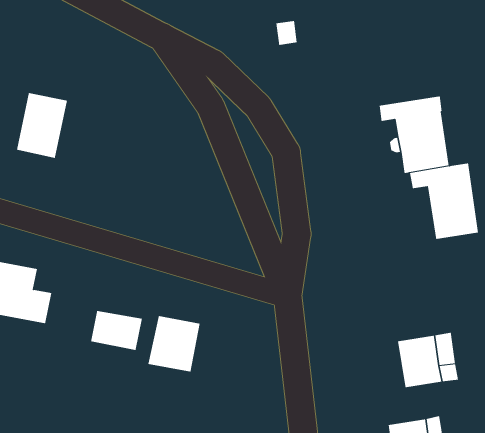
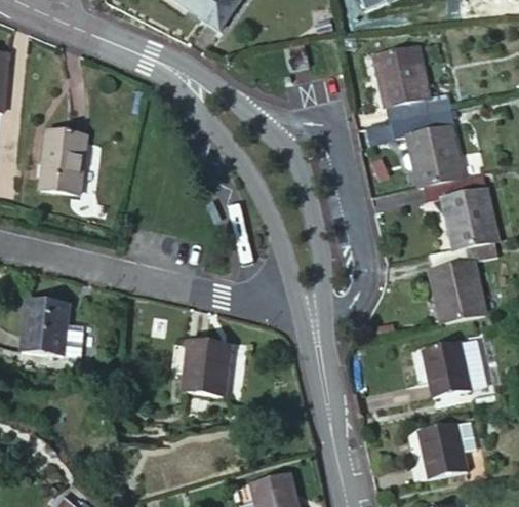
building: none -> [374,46,450,122]
building: none -> [430,240,498,322]
building: [90,310,142,351] -> none

